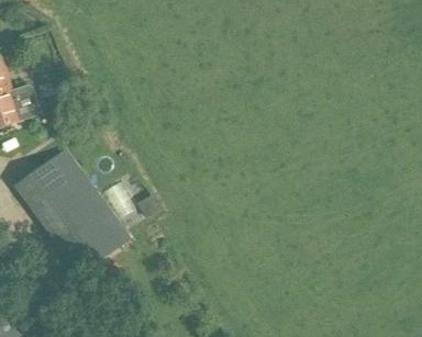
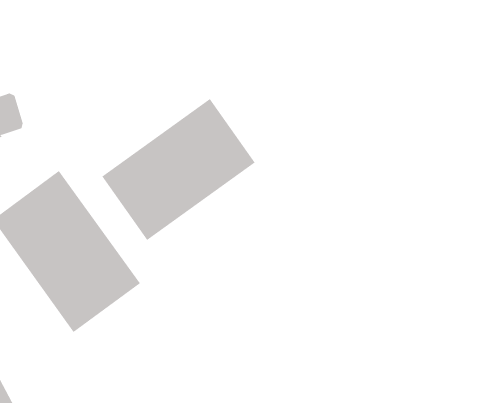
building: none -> [102,98,255,241]

